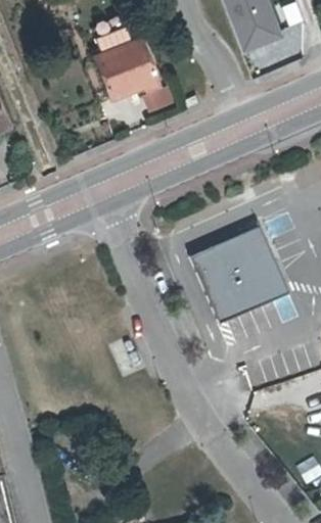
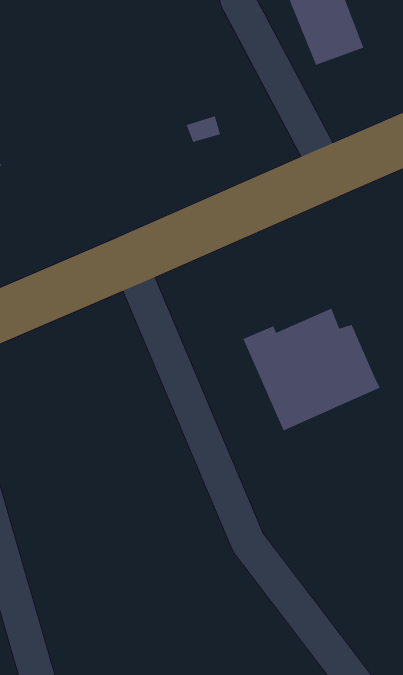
building: [97,26,157,97] -> none

